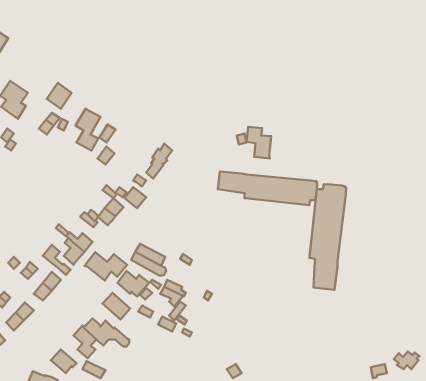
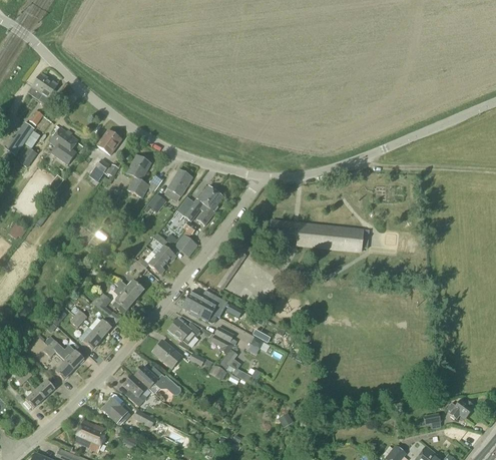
building: none -> [164,169,191,199]
building: [246,127,271,158] -> none
building: none -> [173,186,214,221]
building: [309,184,346,290] -> none
building: [84,252,127,280] -> none

